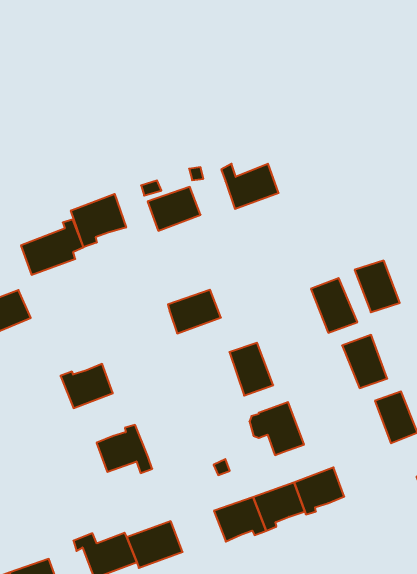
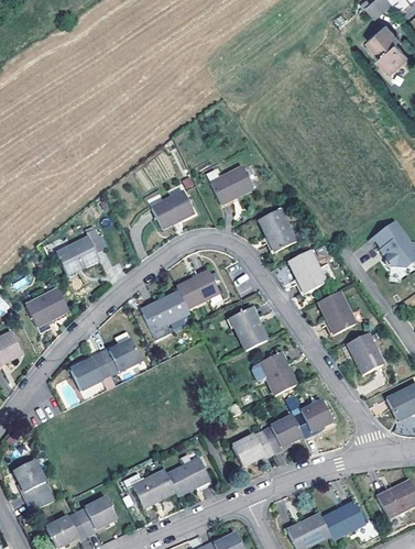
building: [71,194,126,247] -> none
building: [355,261,400,312] -> [259,208,297,250]
building: none -> [146,290,189,328]
building: [97,425,152,473] -> [70,351,117,391]

